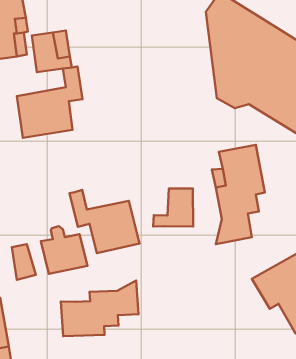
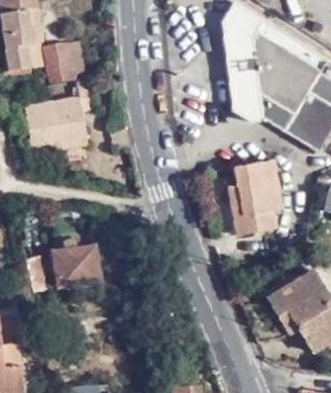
building: [153,188,193,227] -> none
building: [70,190,139,253] -> none
building: [61,280,138,336] -> none

